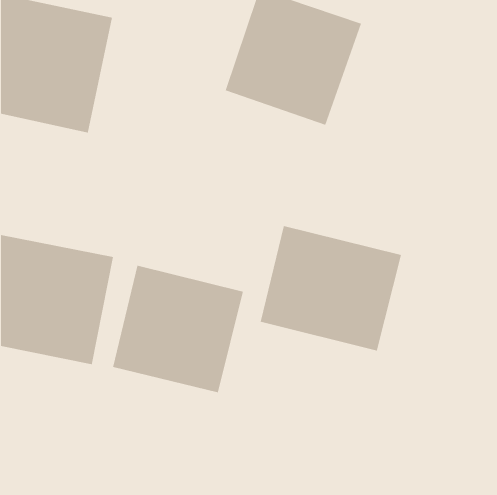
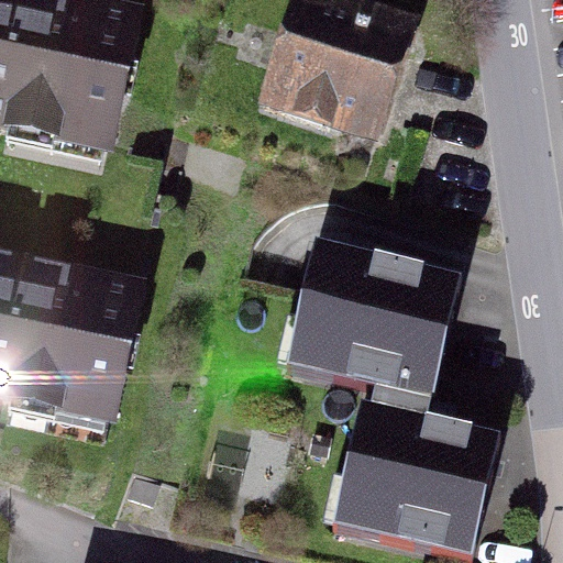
building: [112,265,243,393] -> none
building: none -> [346,422,489,551]

